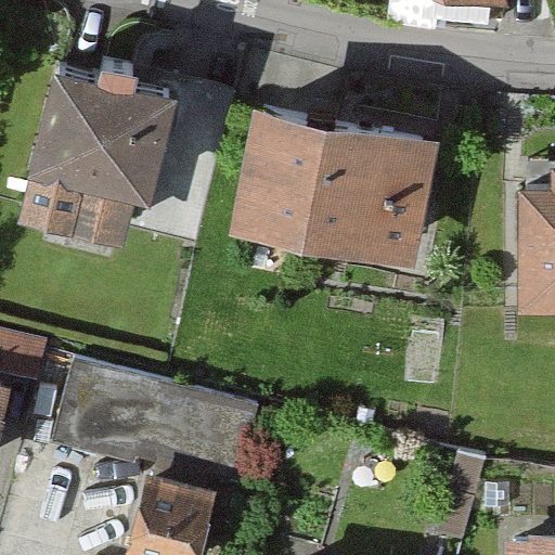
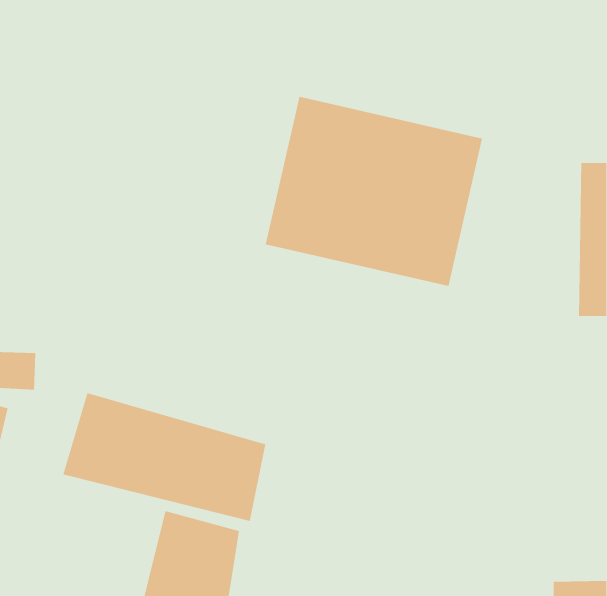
building: [26,62,179,244] -> none

